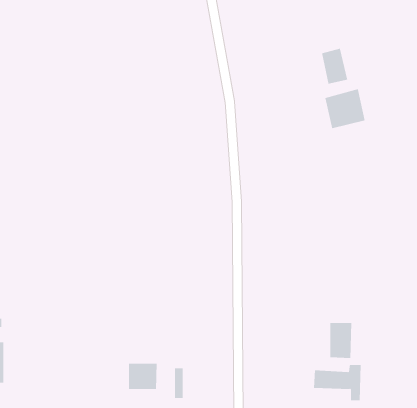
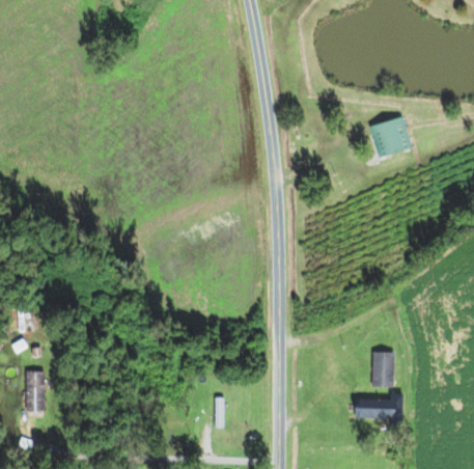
building: [321,48,348,84] -> none
building: [128,363,157,390] -> none

